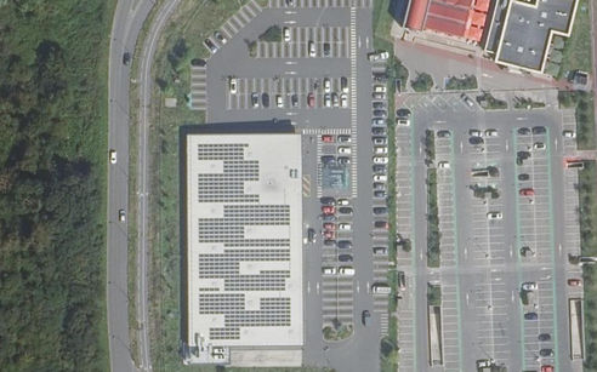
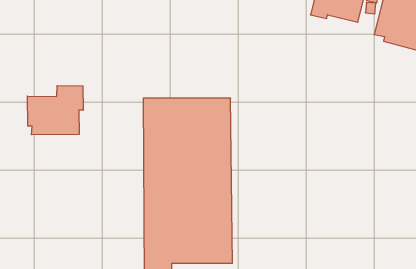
building: none -> [27,86,83,135]

